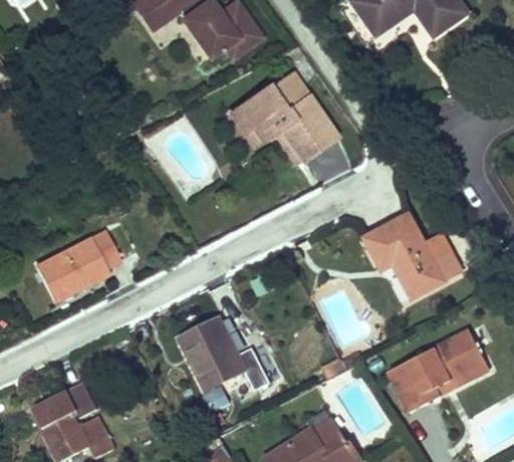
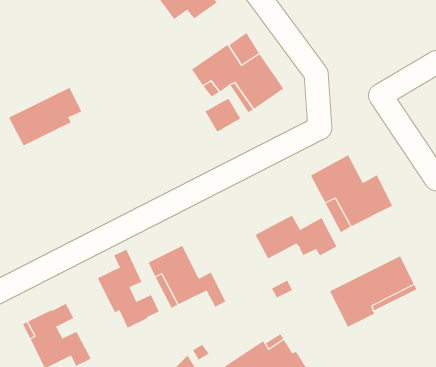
building: [307,142,349,182] -> [205,98,241,133]
building: [35,231,120,299] -> [8,87,82,146]
building: none -> [255,215,337,259]
building: none -> [97,249,159,329]

